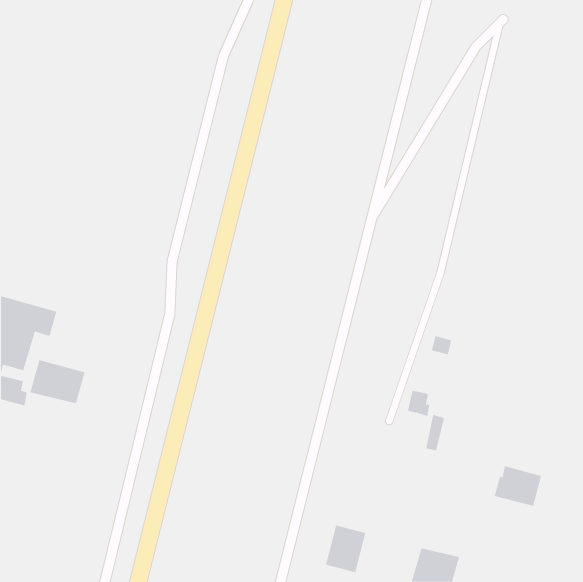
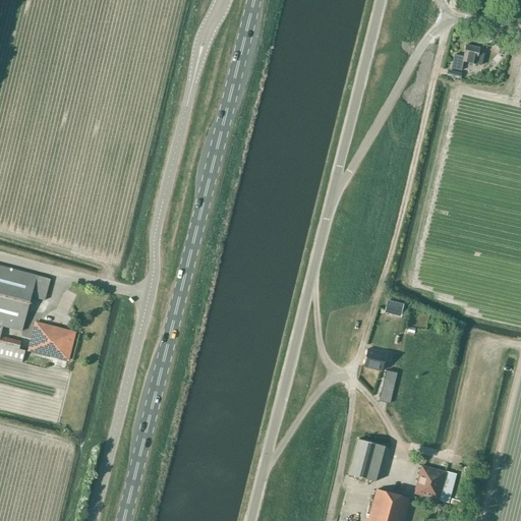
building: none -> [451,44,484,70]
building: [494,465,542,507] -> [413,465,456,502]
building: [325,525,366,573] -> [348,439,385,481]

